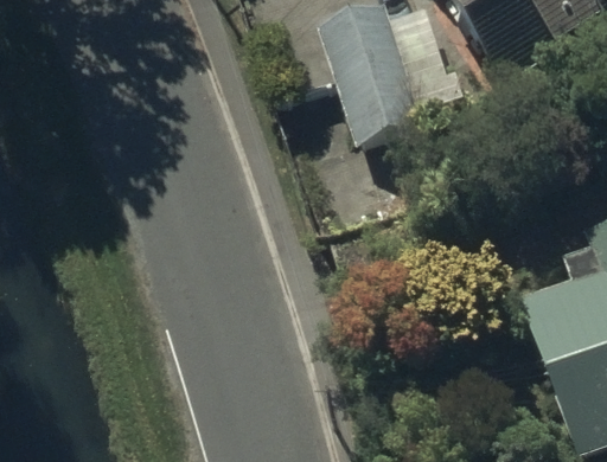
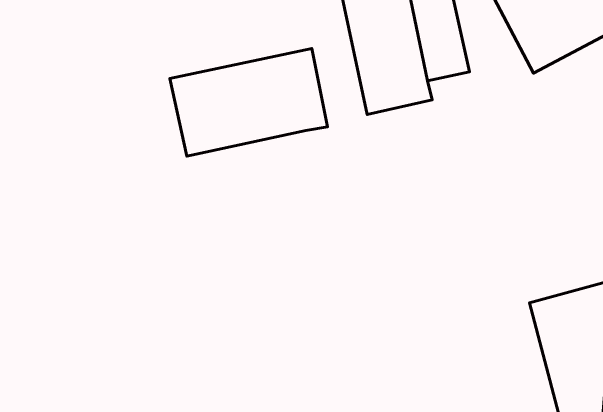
building: none -> [170,49,327,156]

